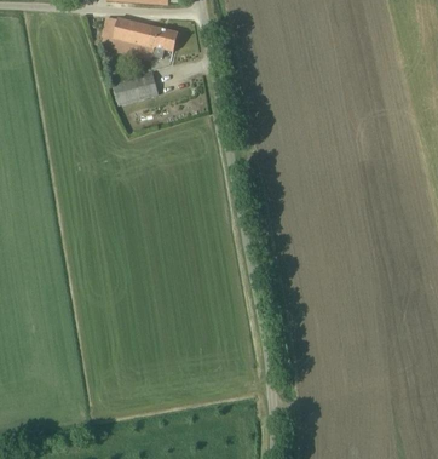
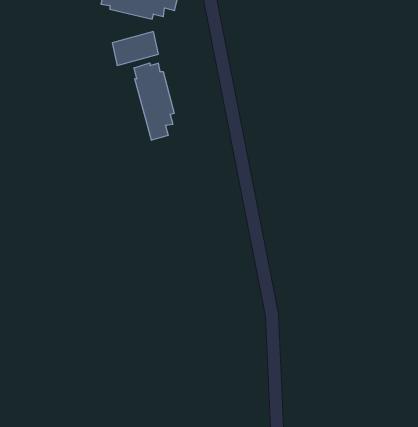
building: none -> [134,63,174,140]

